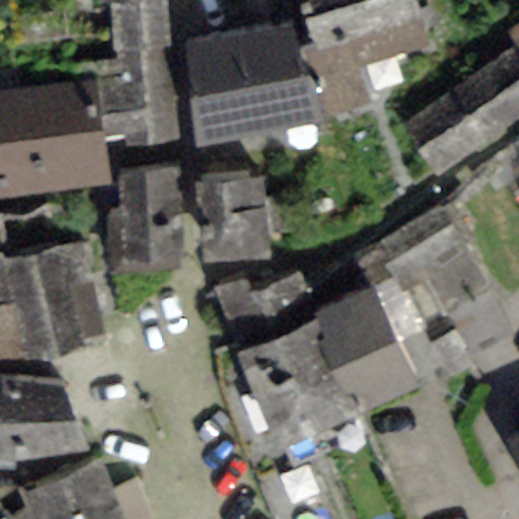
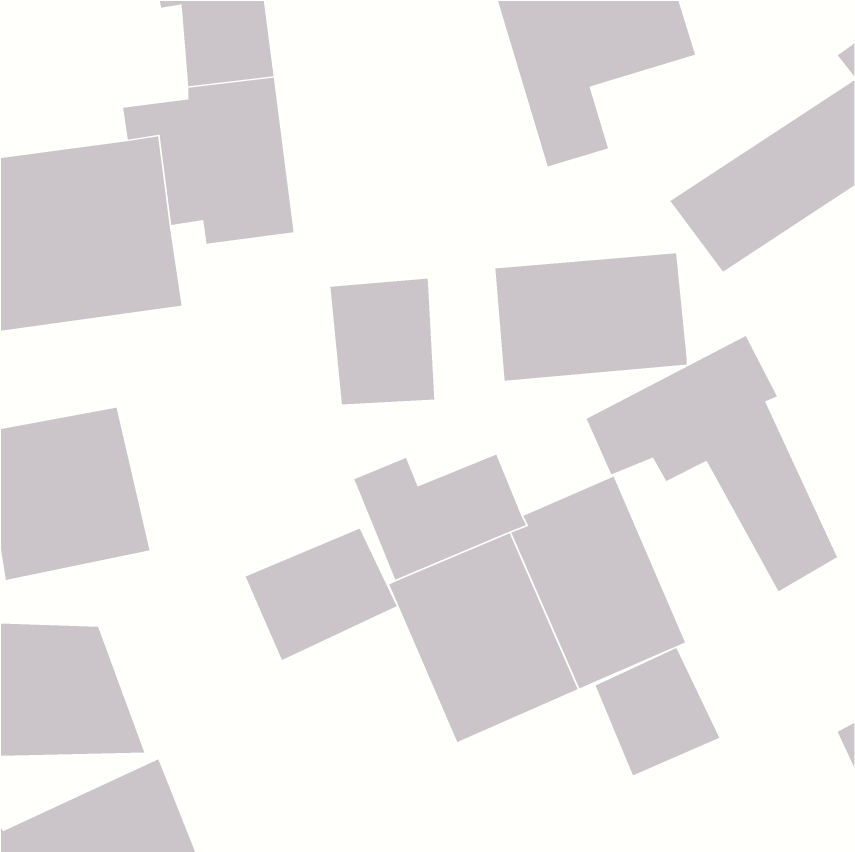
building: [188,21,311,133] -> none
building: none -> [494,252,688,381]
building: [123,173,177,272] -> none
building: none -> [245,528,398,661]
building: none -> [595,647,720,777]

